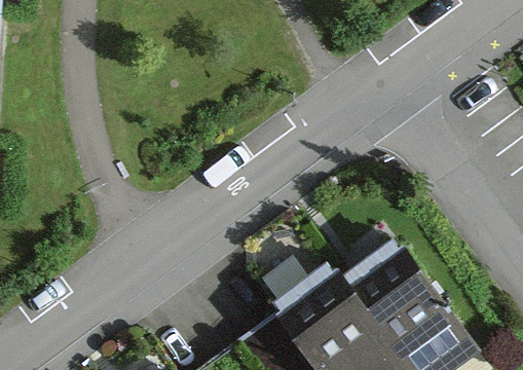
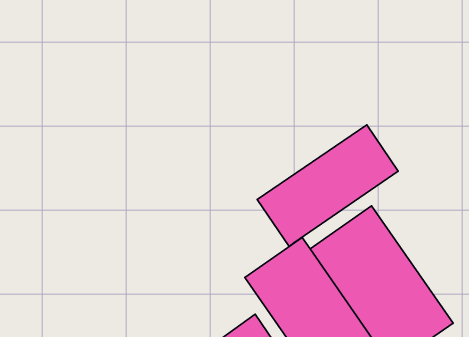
building: none -> [257,125,398,246]

